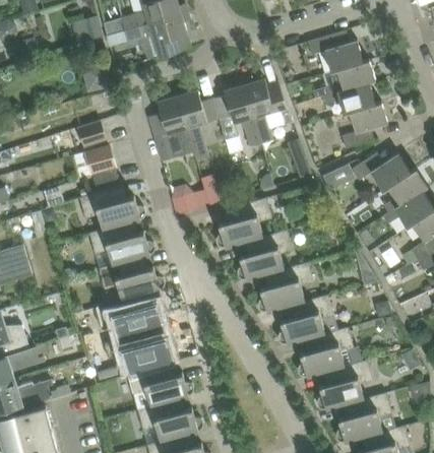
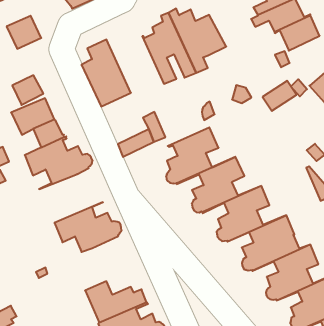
building: [177,89,207,158] -> none
building: [88,223,154,268] -> none
building: [110,299,169,339] -> none

